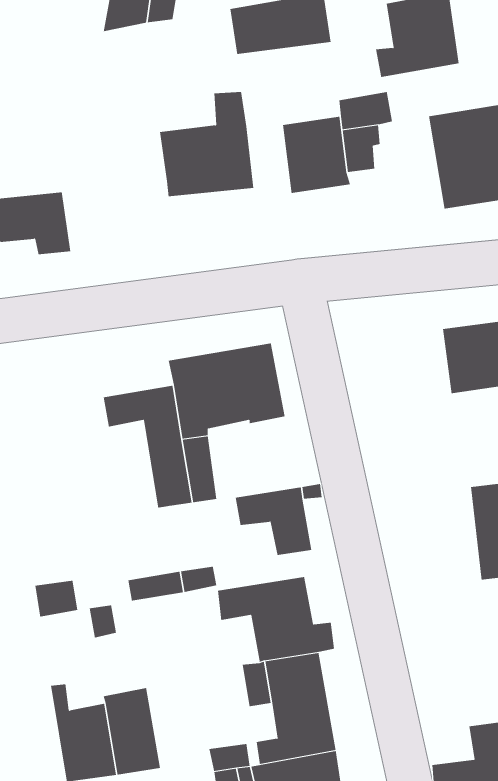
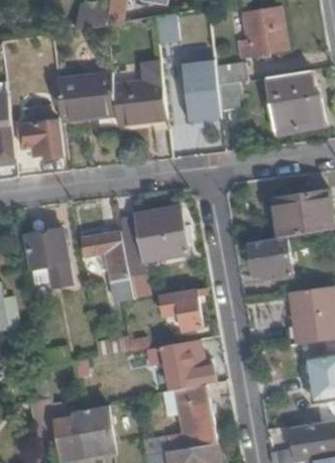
building: none -> [57,74,117,121]
building: none -> [26,231,71,287]
building: none -> [250,240,295,274]

